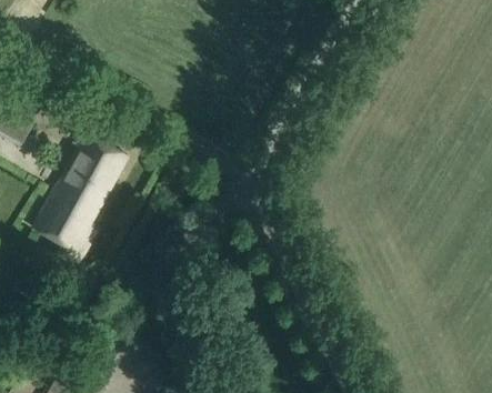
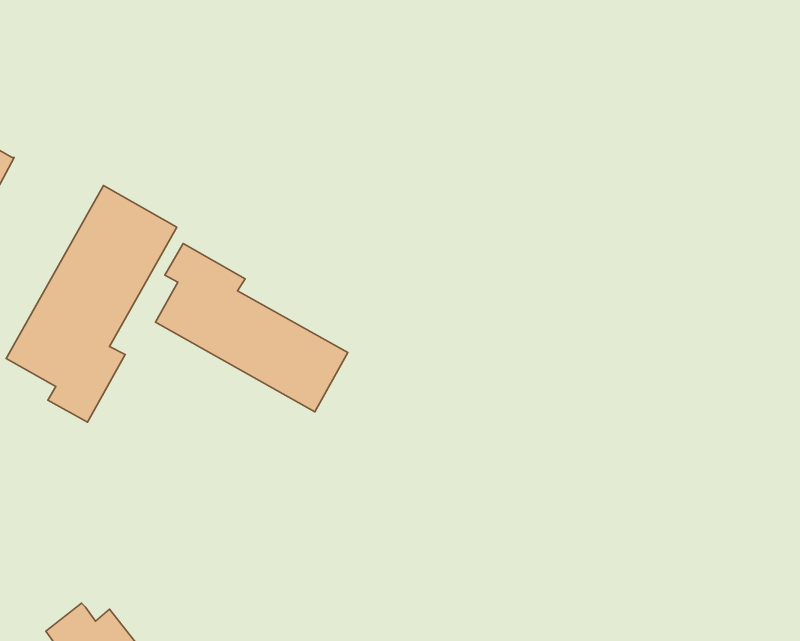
building: none -> [155,244,348,412]

